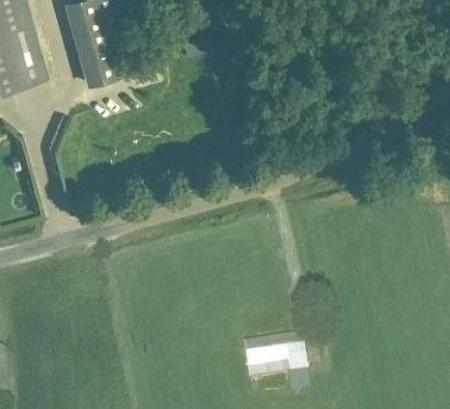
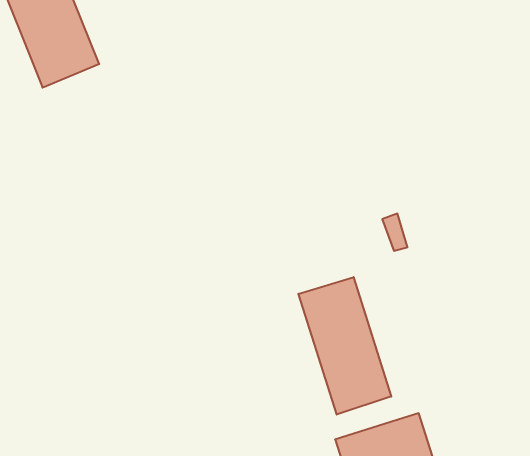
building: none -> [298,277,391,415]

